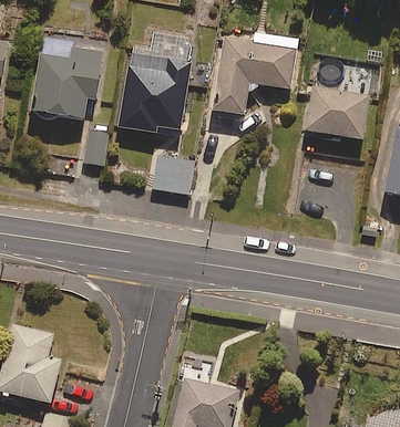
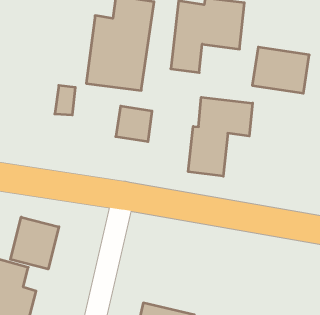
building: [31,44,102,121] -> none
building: none -> [188,97,253,176]
building: none -> [10,217,59,269]

